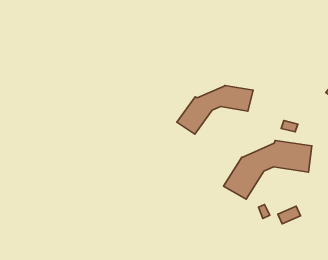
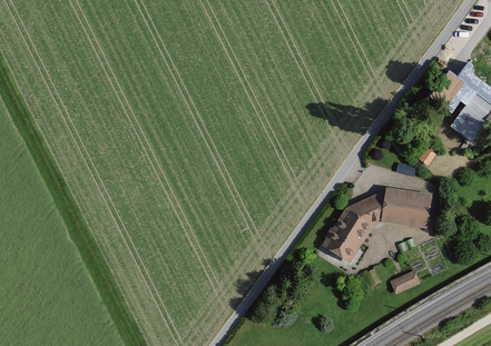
building: [177,86,253,134] -> none

